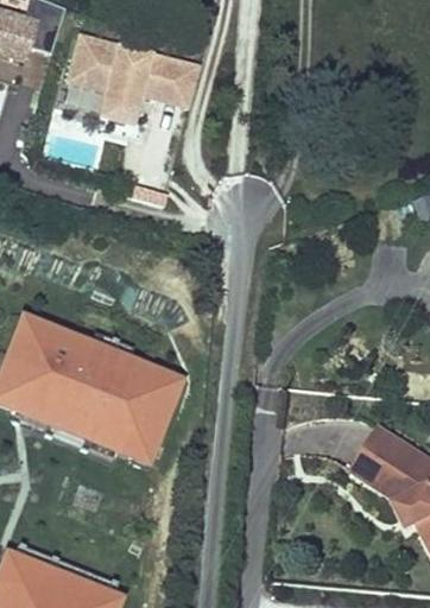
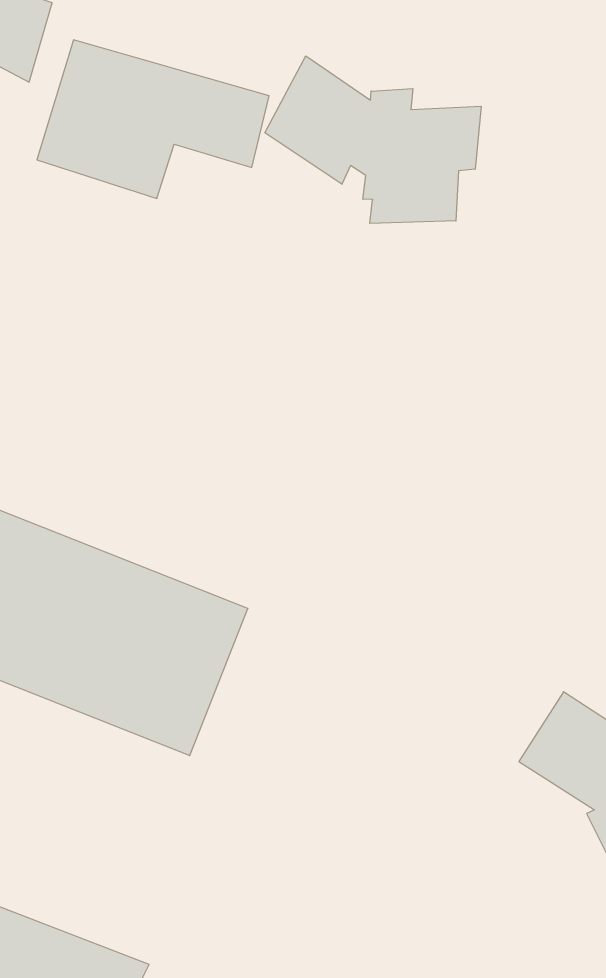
building: none -> [265,56,481,223]

